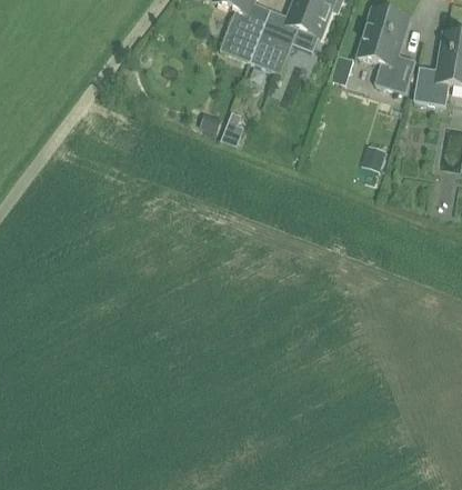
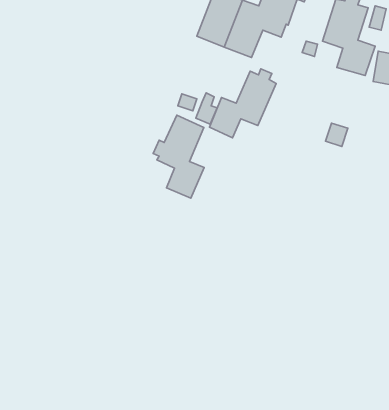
building: none -> [209,69,276,138]
building: none -> [153,115,204,198]

